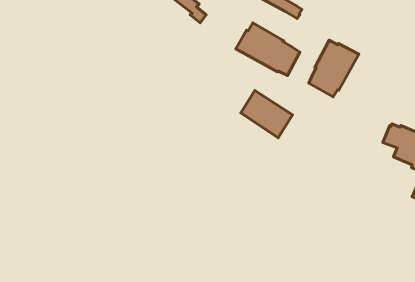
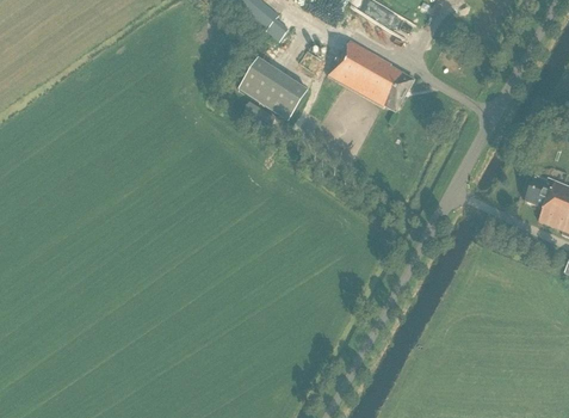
building: [309,40,359,97] -> none
building: [241,91,292,138] -> [237,57,307,121]

